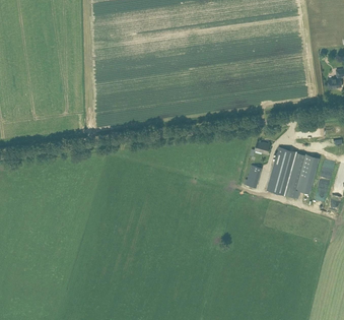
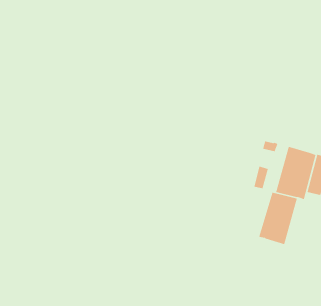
building: none -> [258,192,298,245]

